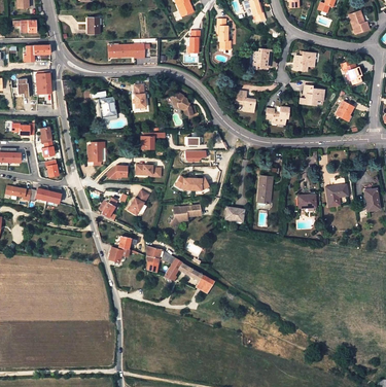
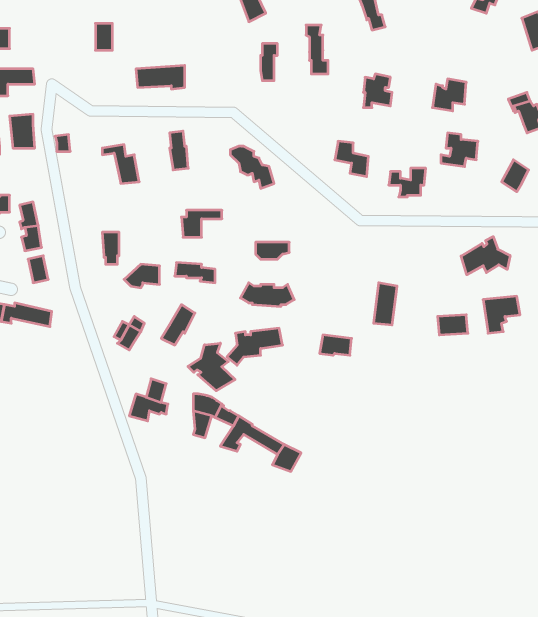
building: none -> [461,237,510,275]
building: none -> [188,343,235,391]

